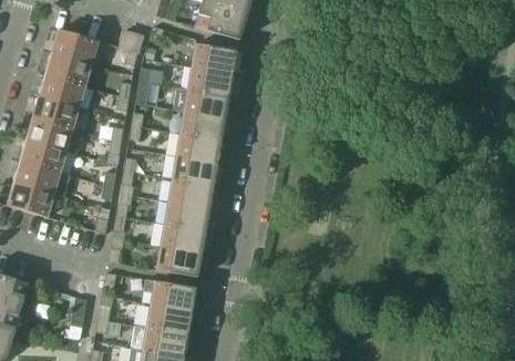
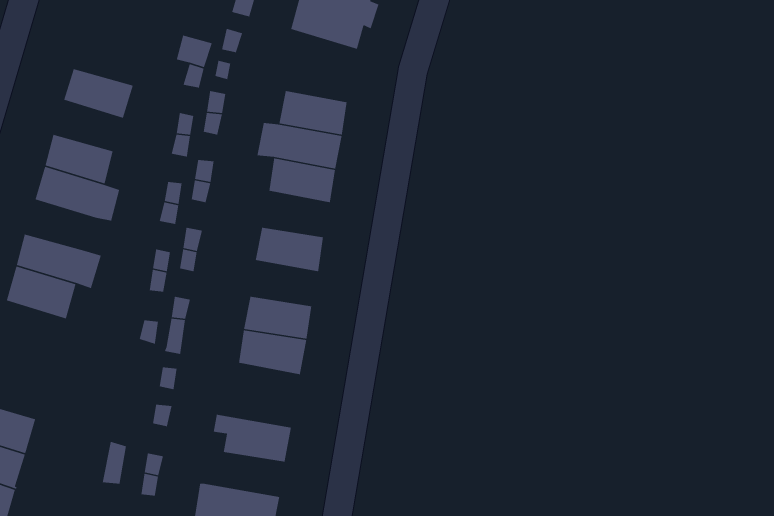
building: [51,29,97,63] -> none
building: [190,43,236,74] -> none
building: [38,73,84,106] -> none
building: [175,133,220,163] -> none
building: [19,138,65,172] -> none
building: [167,178,213,208] -> none
building: [155,246,200,277] -> none
building: [136,305,190,333] -> none

